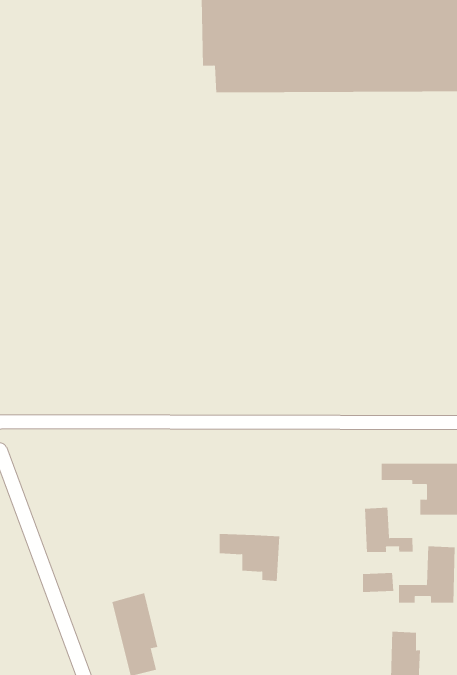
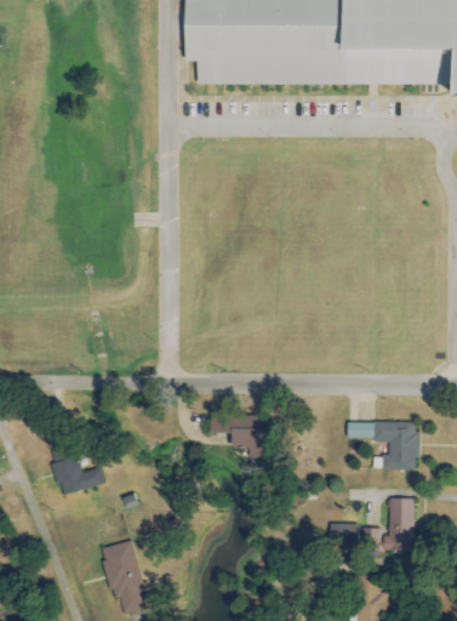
building: none -> [53,457,105,495]
building: [365,507,413,553] -> none
building: [219,533,280,581] -> [210,414,265,457]

